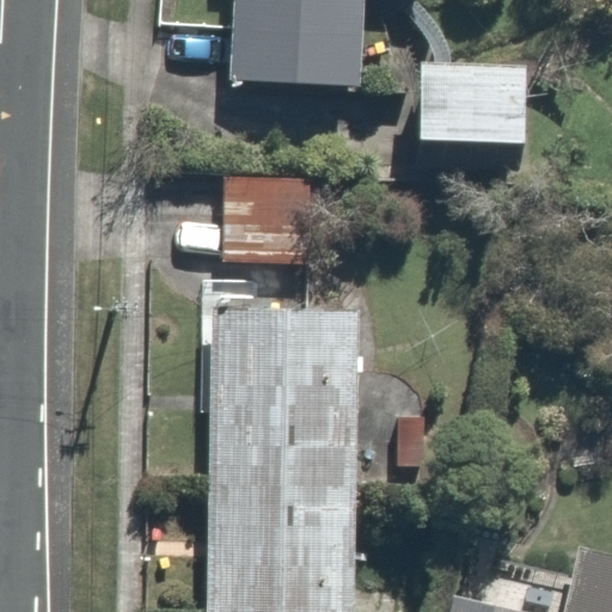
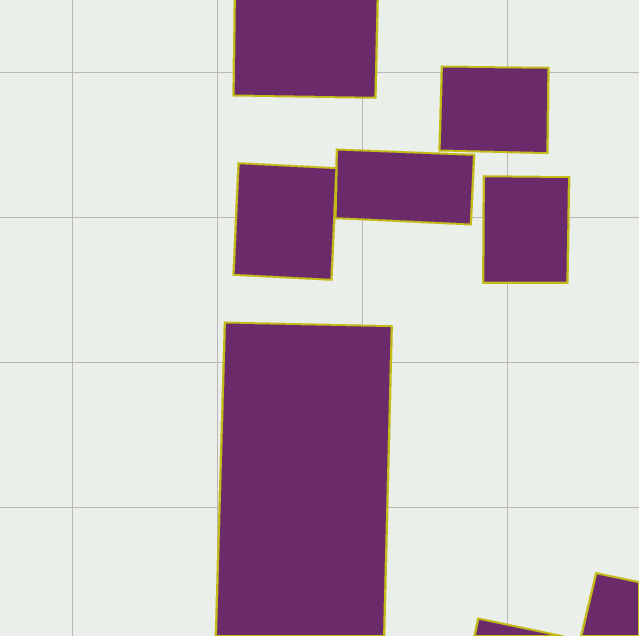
building: none -> [335,150,474,224]
building: none -> [483,176,569,283]

